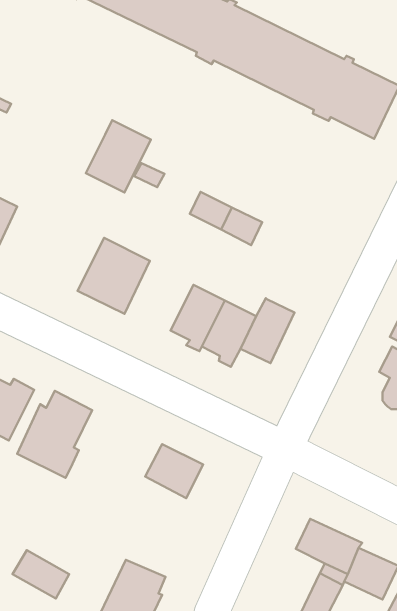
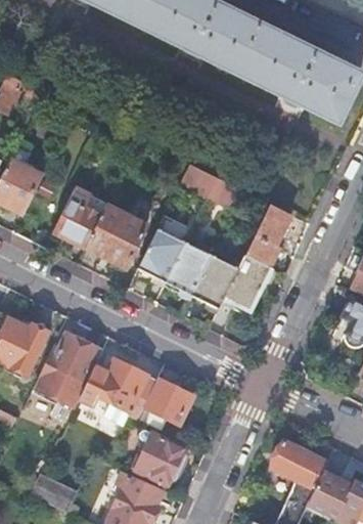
building: [86,120,151,193] -> [54,186,109,248]
building: none -> [247,204,291,267]
building: none -> [140,229,185,287]
building: none -> [81,358,157,425]
building: none -> [135,433,184,484]

